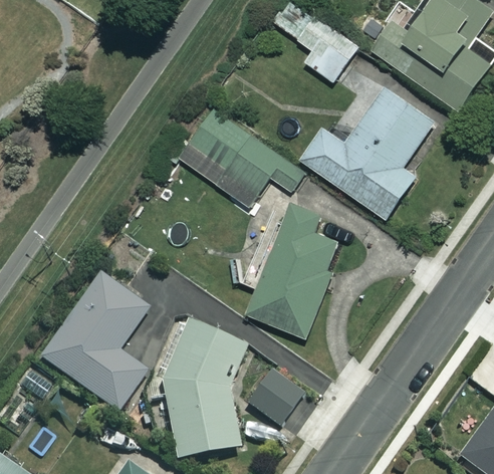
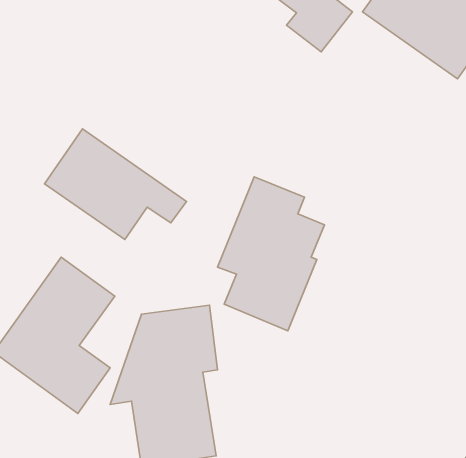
building: [300,88,434,218] -> none
building: [178,107,305,207] -> [45,129,186,239]
building: [246,368,304,427] -> none

